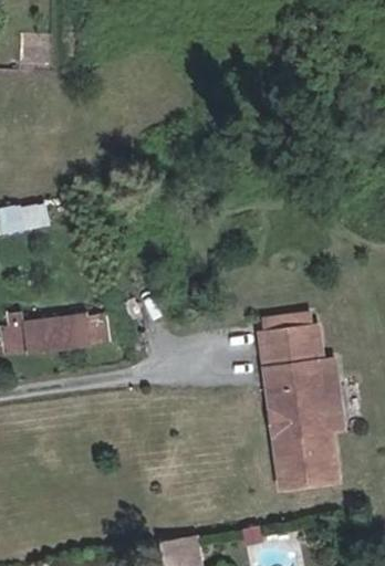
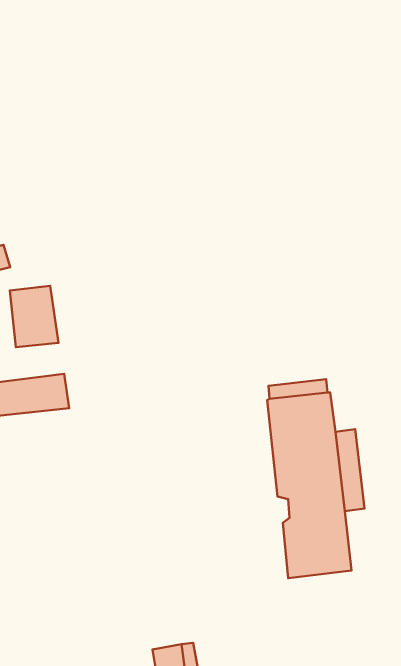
building: none -> [10,286,59,347]

